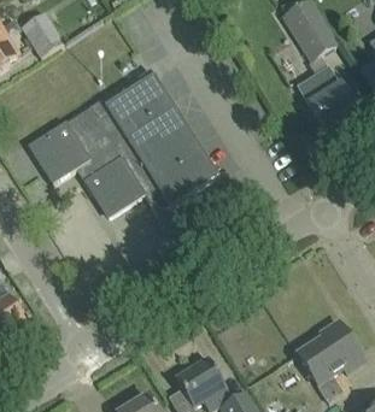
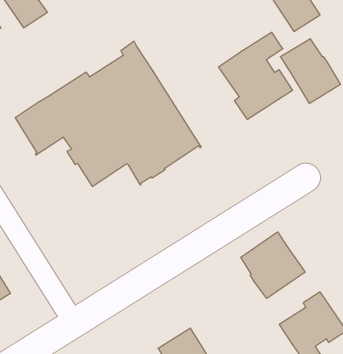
building: none -> [218,32,293,120]
building: none -> [241,232,305,298]

